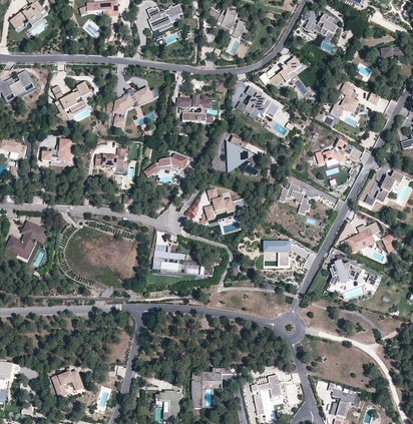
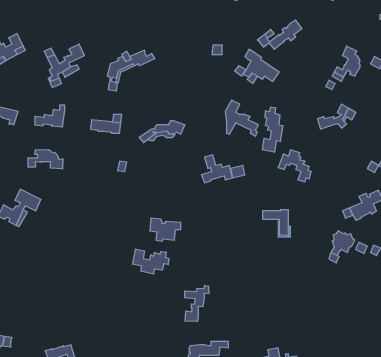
building: [176,97,213,122] -> none
building: none -> [262,107,283,152]
building: none -> [28,150,63,169]
building: none -> [133,249,169,274]
building: none -> [185,285,209,321]

